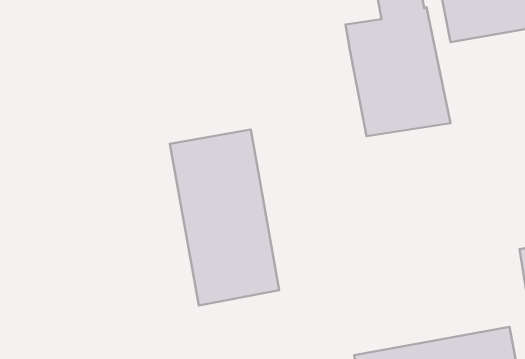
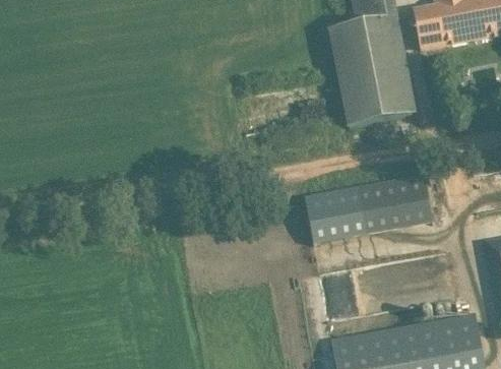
building: [170,130,279,305] -> none
building: none -> [306,172,435,244]

